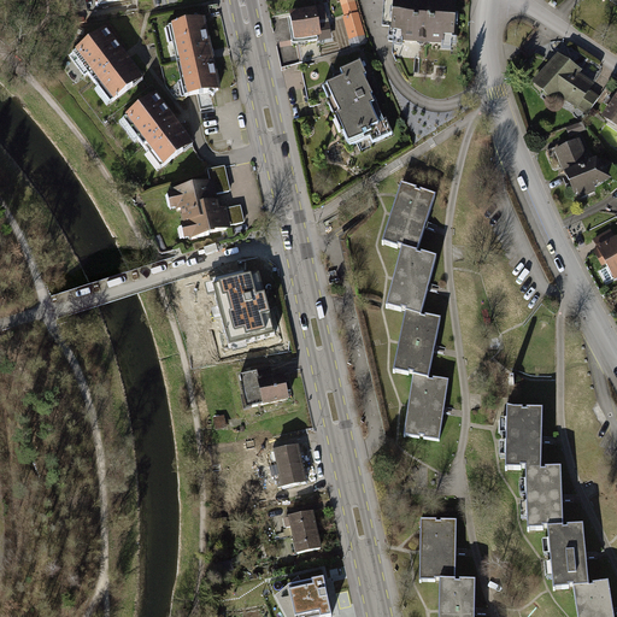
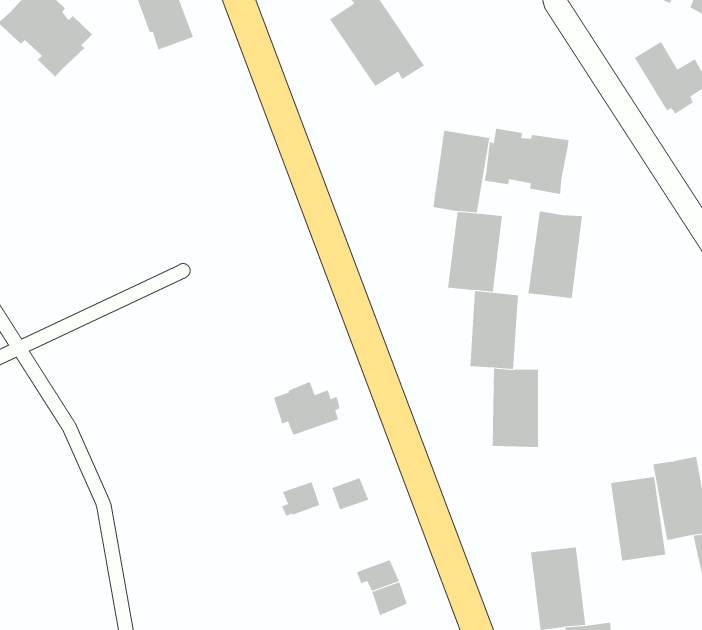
building: [118,89,189,165] -> none
building: [172,161,242,234] -> none
building: none -> [484,128,569,195]
building: none -> [528,211,582,299]
building: [204,265,275,342] -> none
building: [504,401,539,463] -> [610,476,666,561]
building: [275,459,305,483] -> [281,481,320,516]

